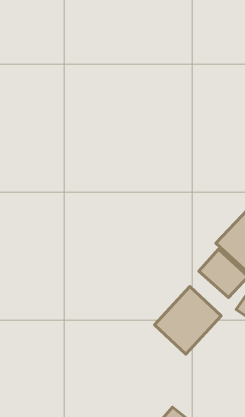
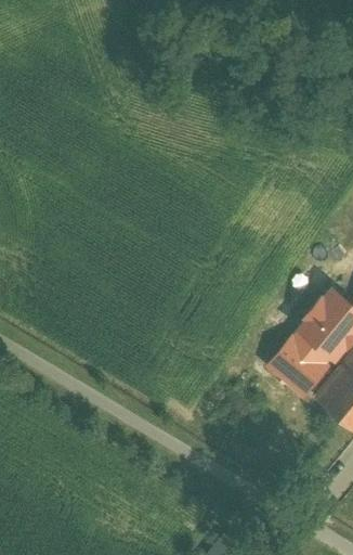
building: [155,286,221,354] -> none

